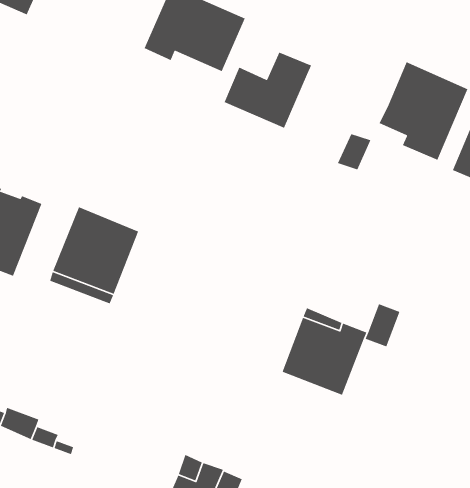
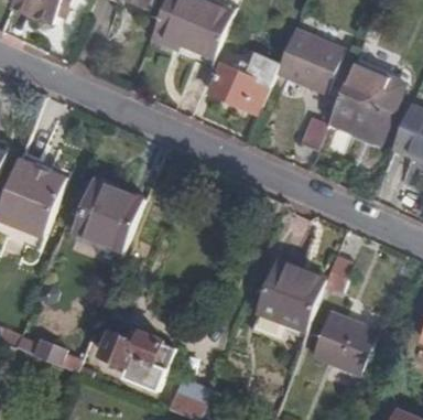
building: none -> [276,29,358,98]
building: none -> [308,310,375,373]
building: none -> [98,329,173,388]

